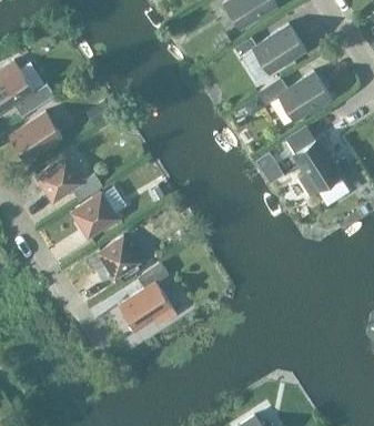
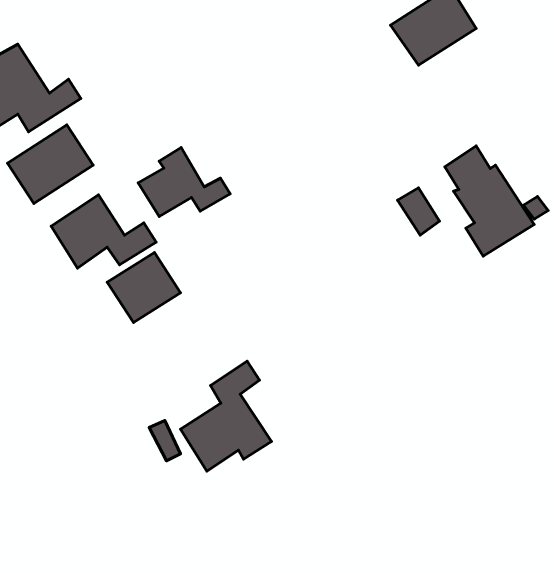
building: [257,71,331,122] -> none
building: none -> [138,148,230,217]
building: [97,236,140,280] -> none

